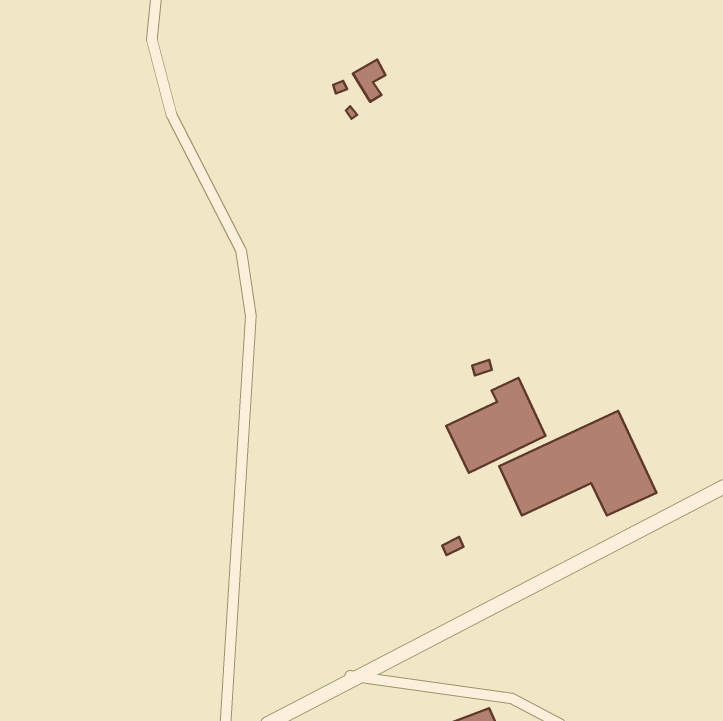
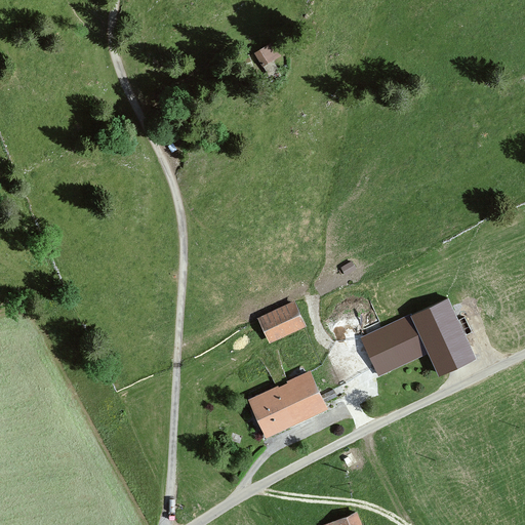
building: [446,378,545,473] -> [250,366,322,435]
building: none -> [260,305,301,340]

